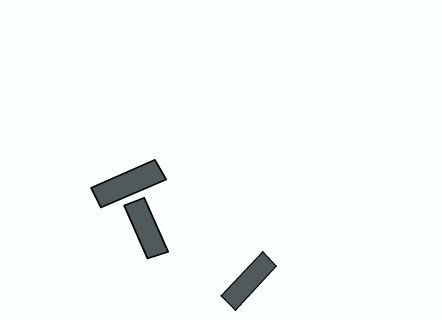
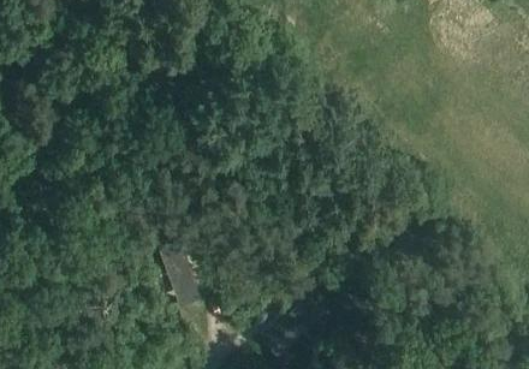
building: [91,160,166,207] -> none

